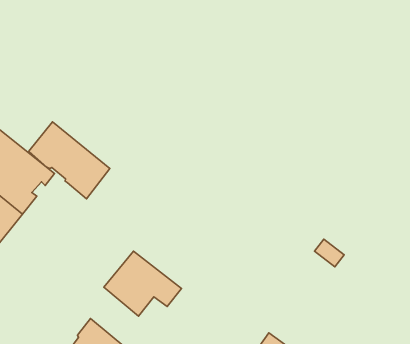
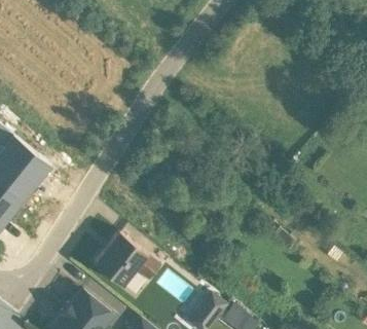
building: [29,122,110,199] -> none

